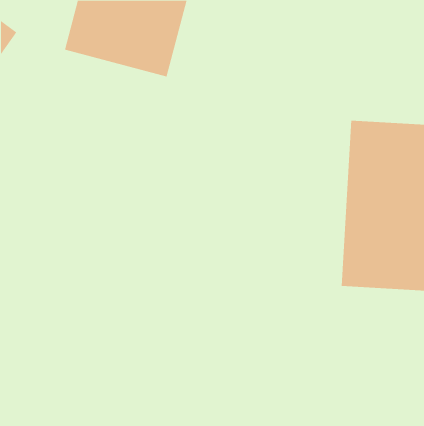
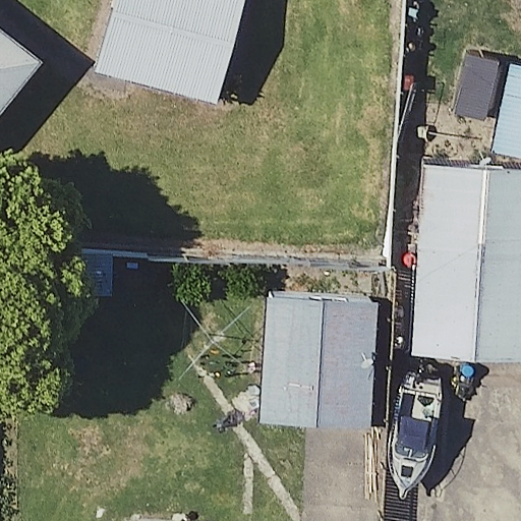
building: none -> [263,294,374,427]

